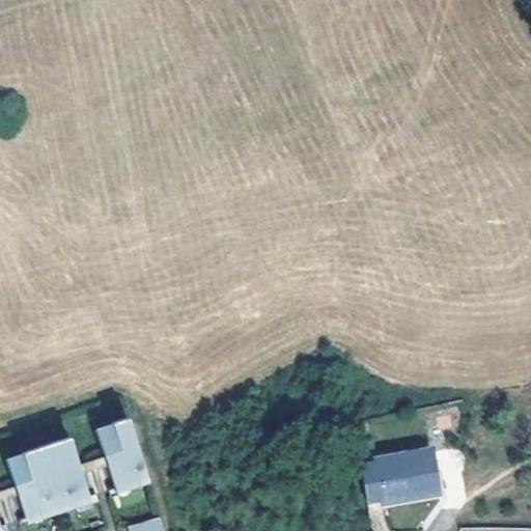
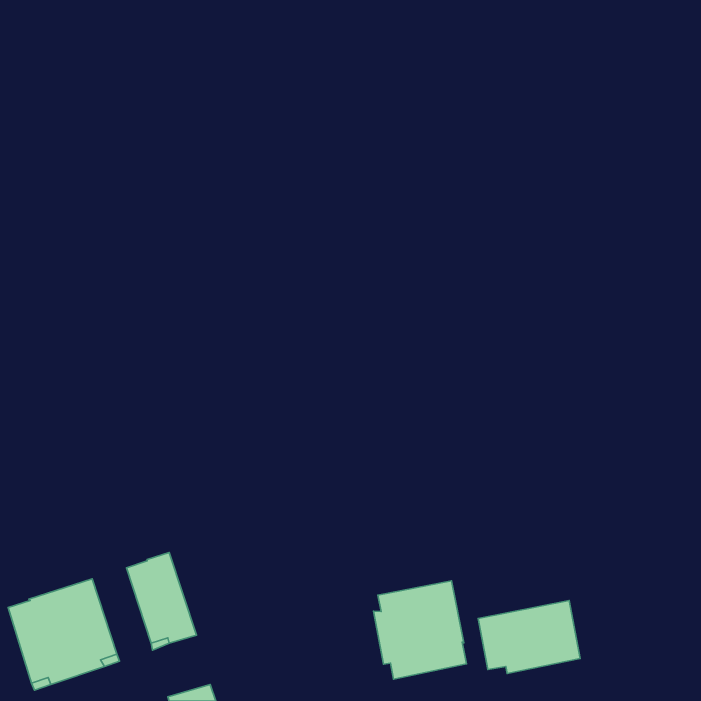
building: none -> [374,581,467,679]

